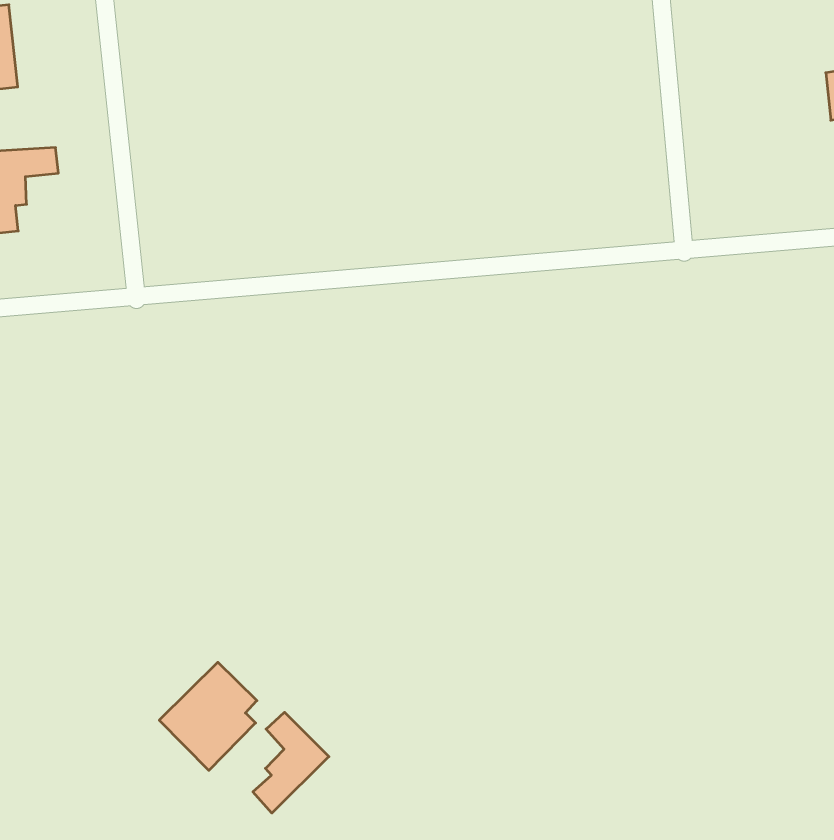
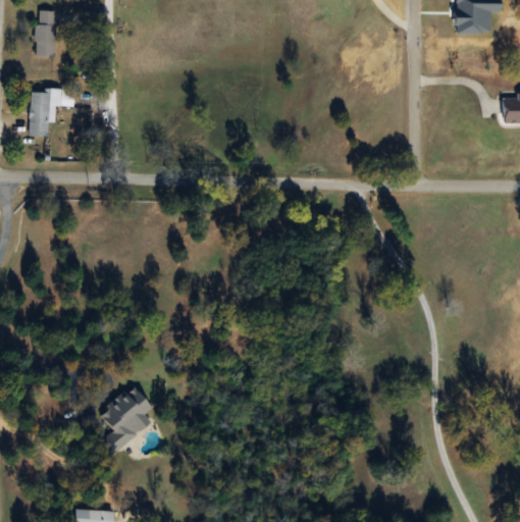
building: [253,712,329,813] -> none

